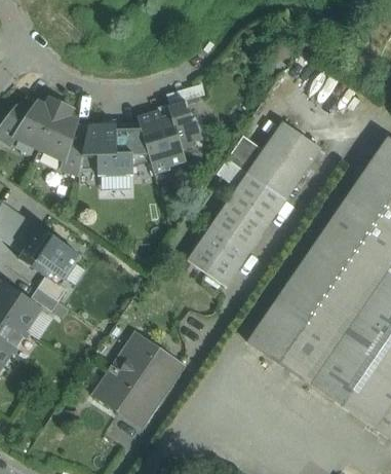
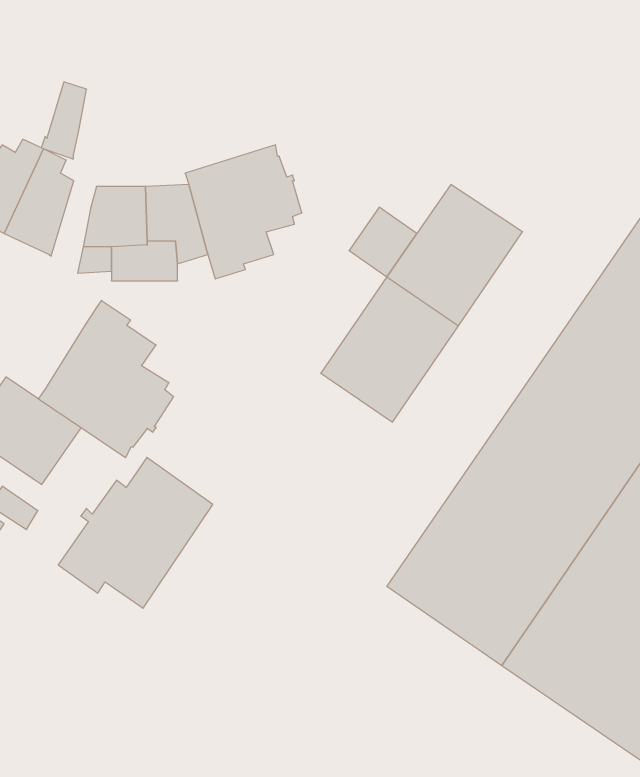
building: [62,131,86,173] -> [41,82,87,159]
building: none -> [39,300,174,458]
building: [188,225,250,286] -> none
building: [97,337,182,420] -> [58,457,213,608]

